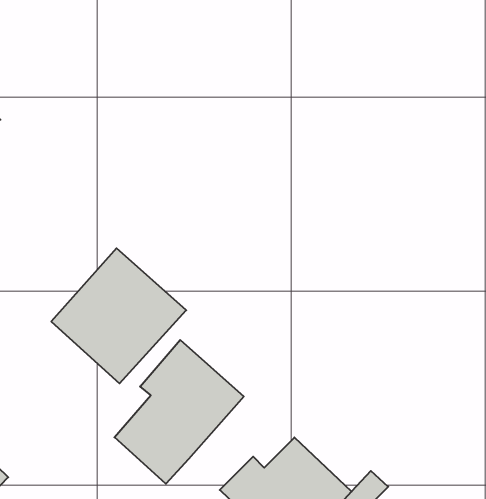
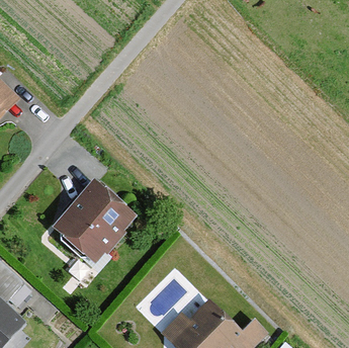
building: [114,340,244,484] -> none

